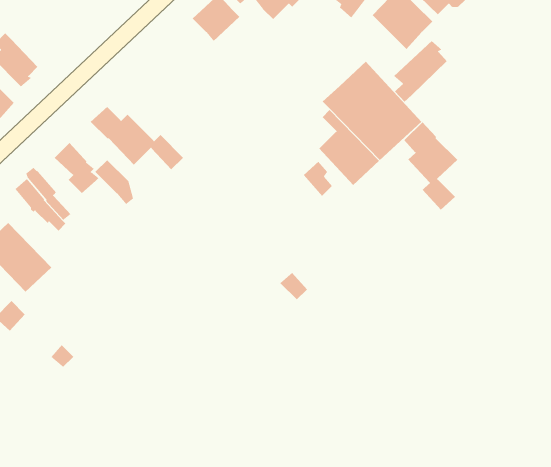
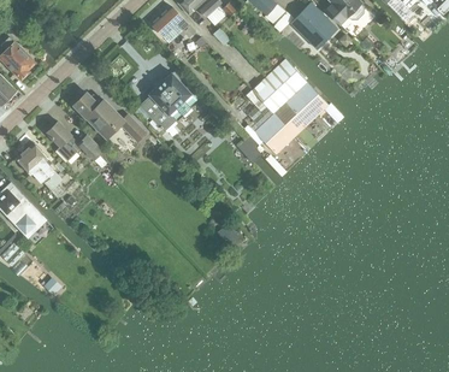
building: [393,40,448,103] -> none
building: none -> [131,72,195,131]
building: [403,121,458,211] -> none

